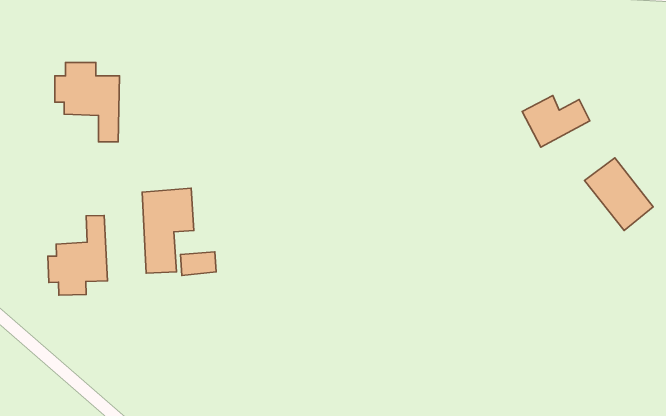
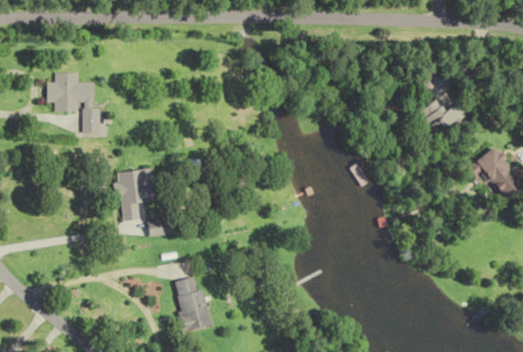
building: [48,215,107,295] -> none
building: none -> [176,278,213,332]

